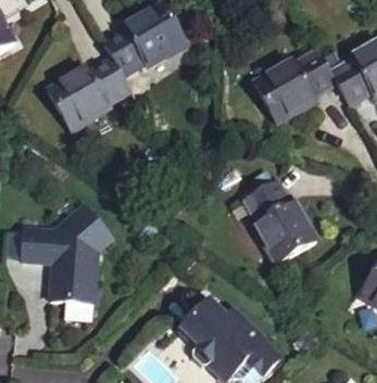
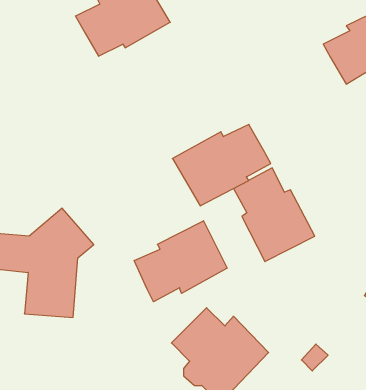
building: [241,44,329,117] -> [172,124,271,206]
building: [46,58,129,129] -> none
building: none -> [134,221,227,302]

